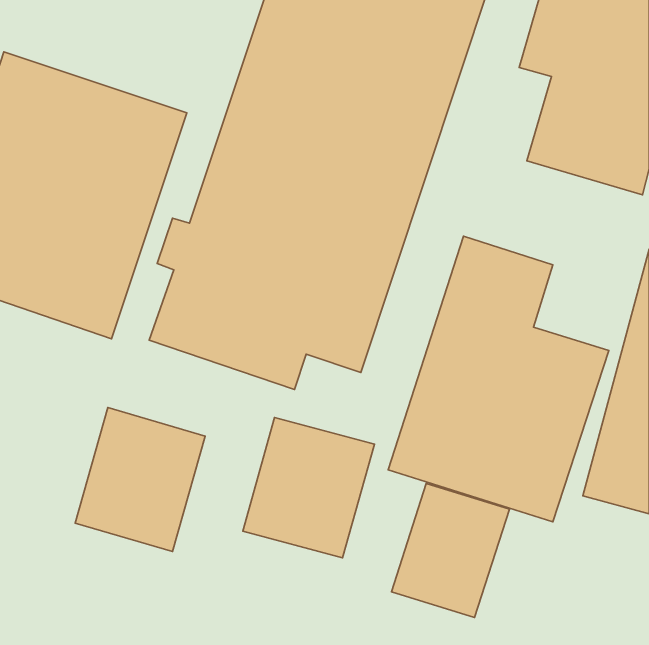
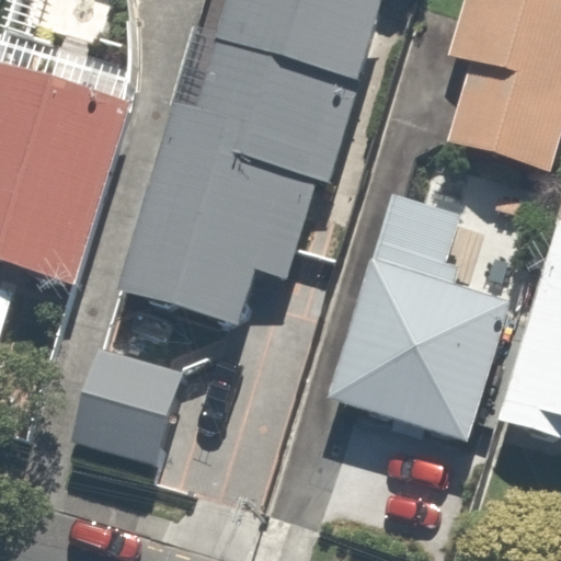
building: [243,417,374,558] -> none
building: [391,483,509,617] -> none

